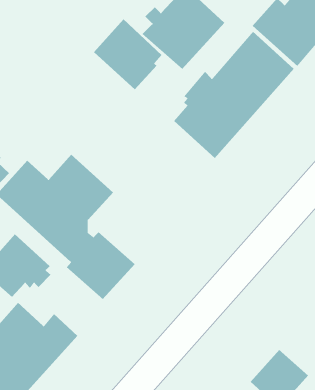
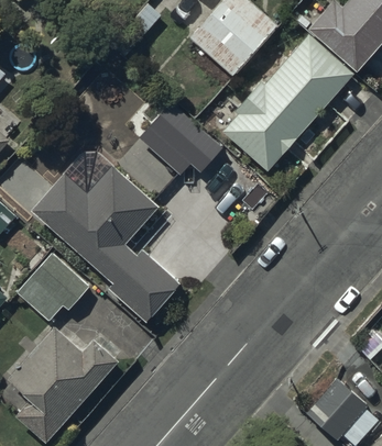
building: [93,18,162,90] -> [153,109,228,186]

